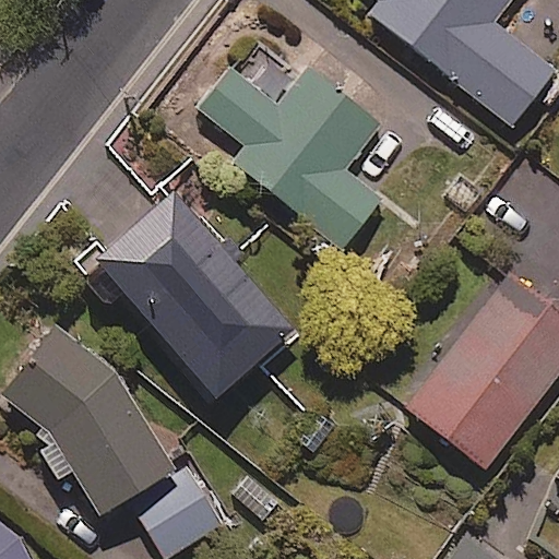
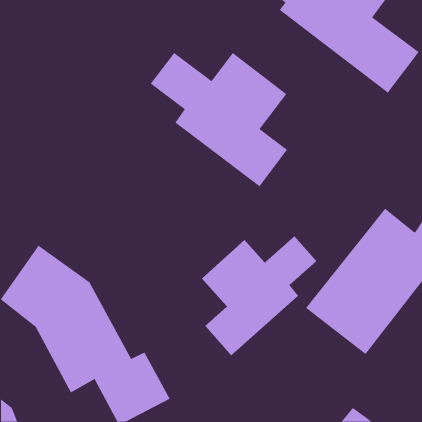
building: [94,193,293,399] -> none
building: none -> [201,236,317,356]

